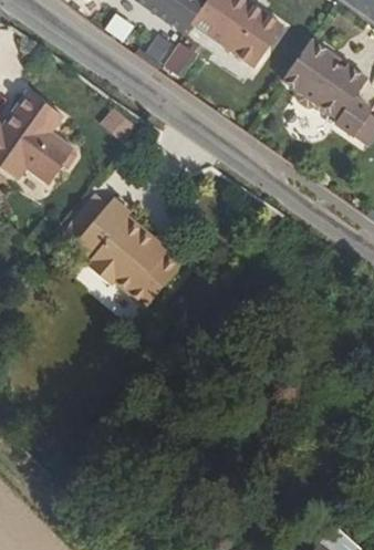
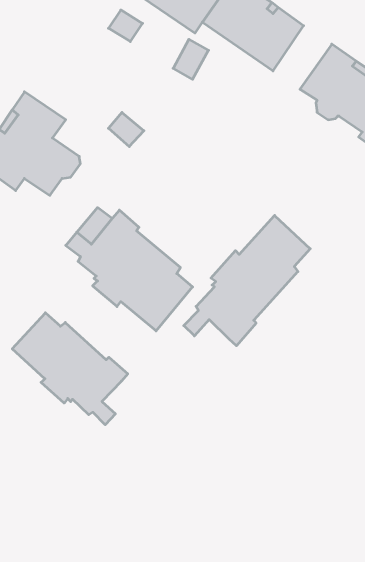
building: none -> [184,215,310,346]
building: none -> [12,313,128,425]

